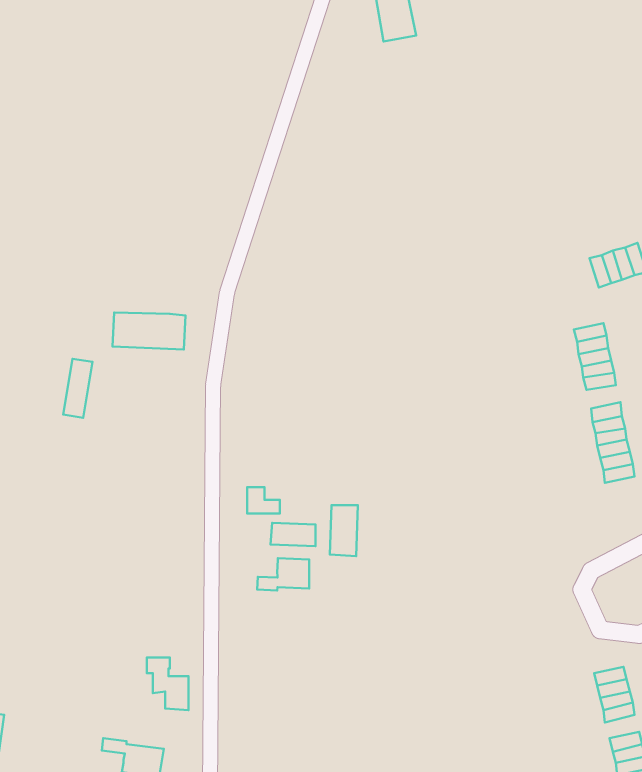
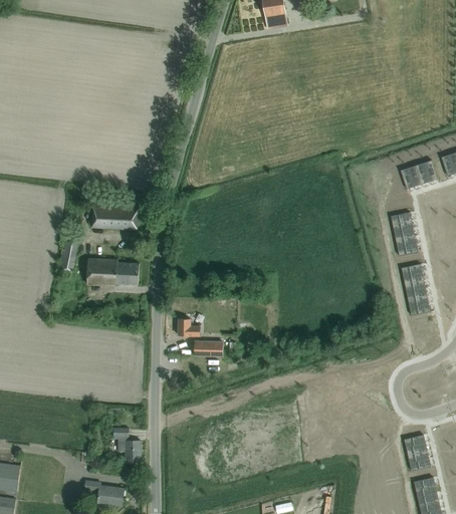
building: none -> [87,259,140,285]
building: [330,505,358,556] -> none
building: [257,558,309,590] -> none

